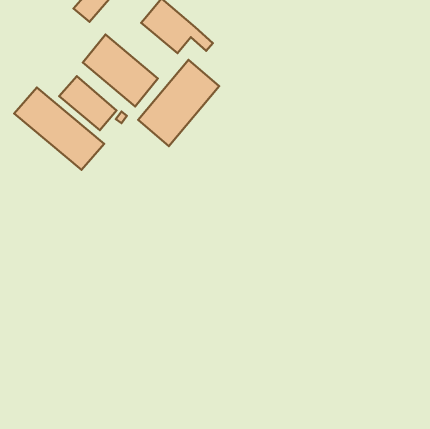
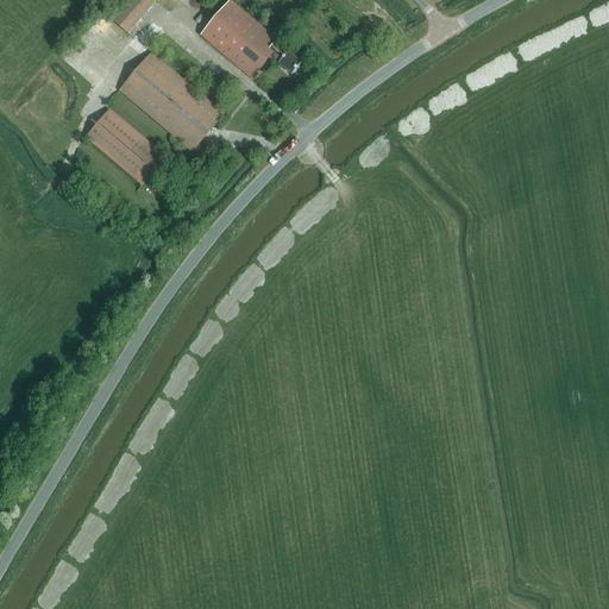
building: [138,60,219,146] -> none
building: [14,87,104,170] -> none

